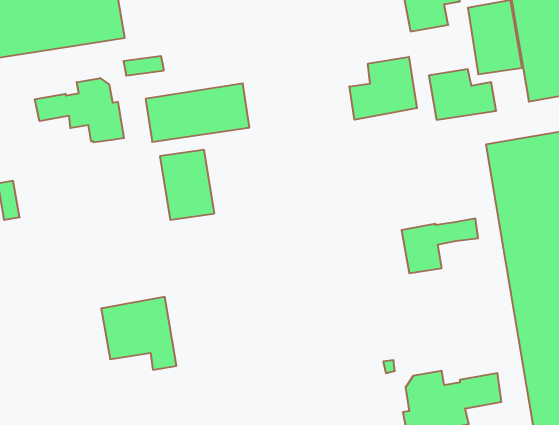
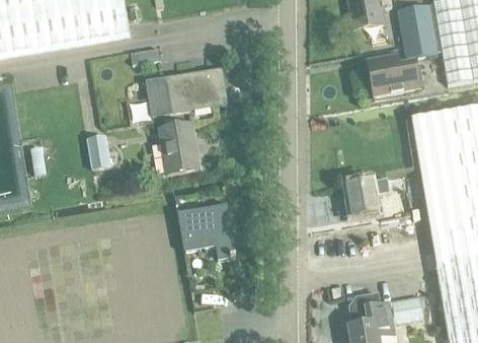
building: [349,57,417,120] -> none
building: [35,78,124,142] -> none
building: none -> [87,136,109,168]
building: [101,297,176,370] -> [176,202,235,259]

